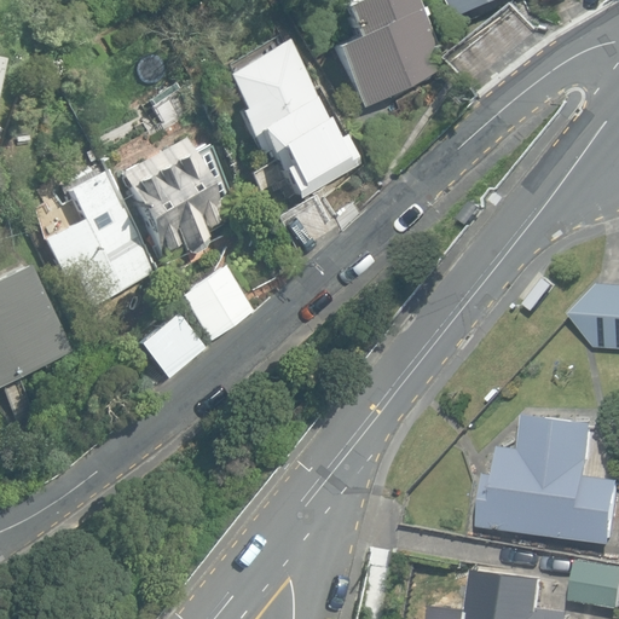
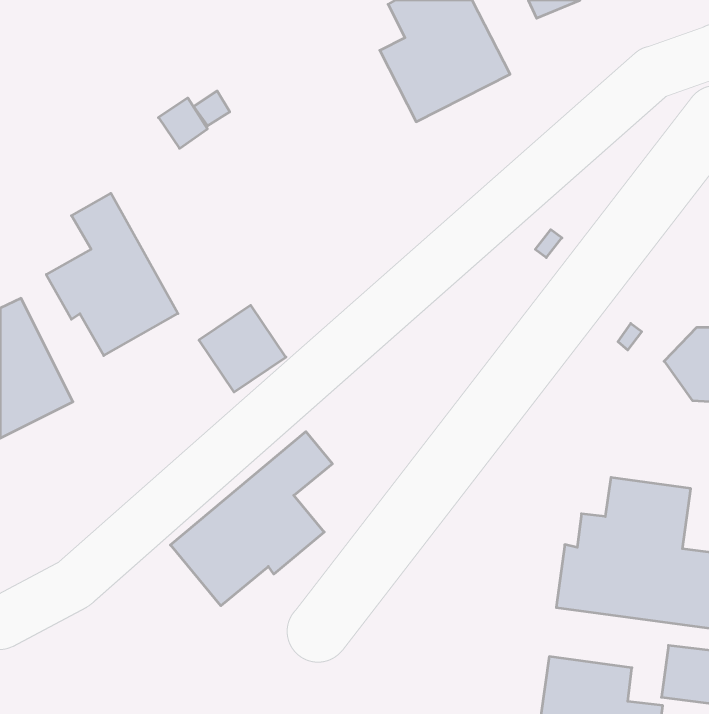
building: [226,37,361,198] -> none
building: [121,137,232,260] -> none
building: [137,311,202,376] -> none
building: none -> [170,432,332,606]

